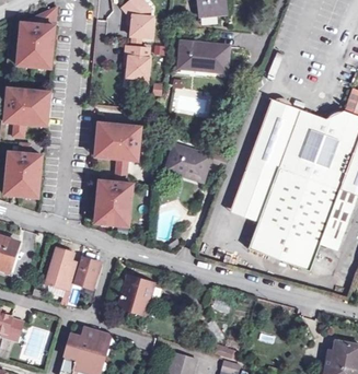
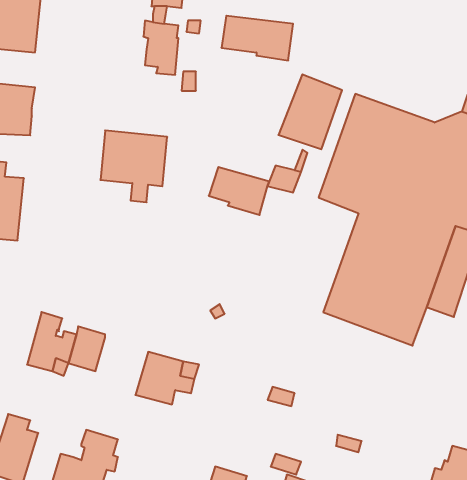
building: [229,168,273,220] -> [278,74,342,149]
building: [95,171,134,226] -> none

